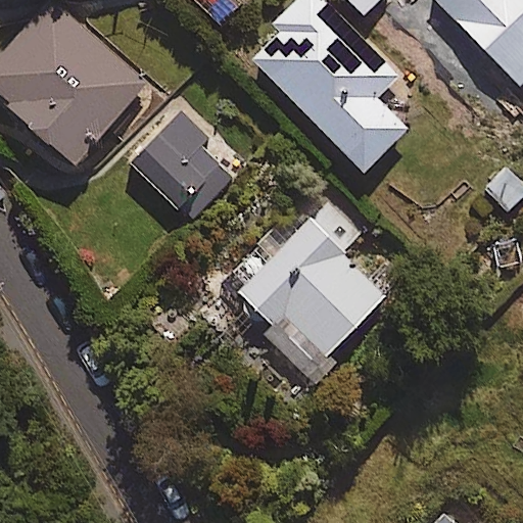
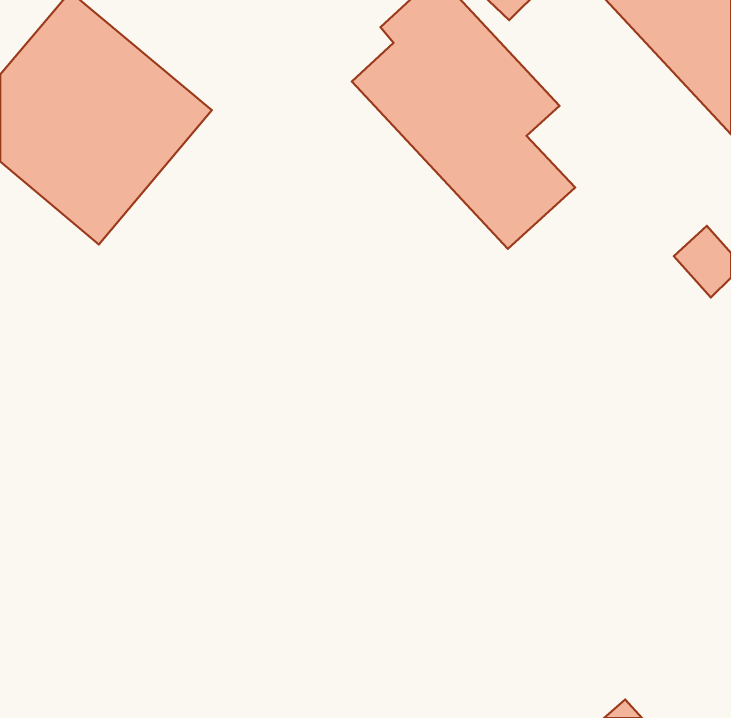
building: [130,105,223,210] -> none
building: [234,204,388,375] -> none

